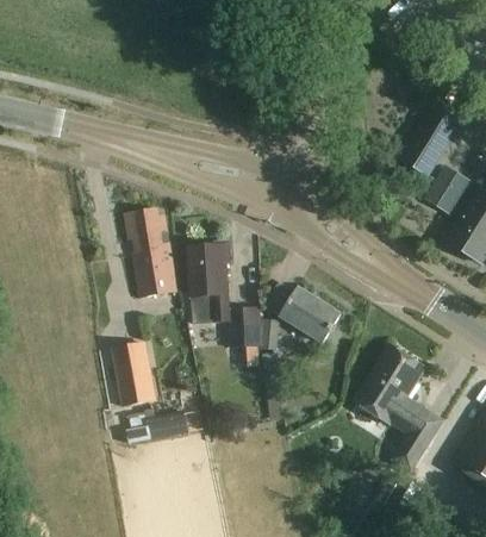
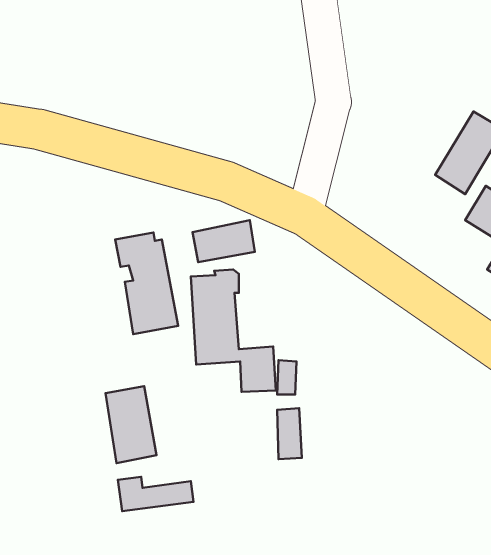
building: none -> [193,220,255,262]
building: [281,287,341,342] -> none
building: [354,343,443,469] -> none

